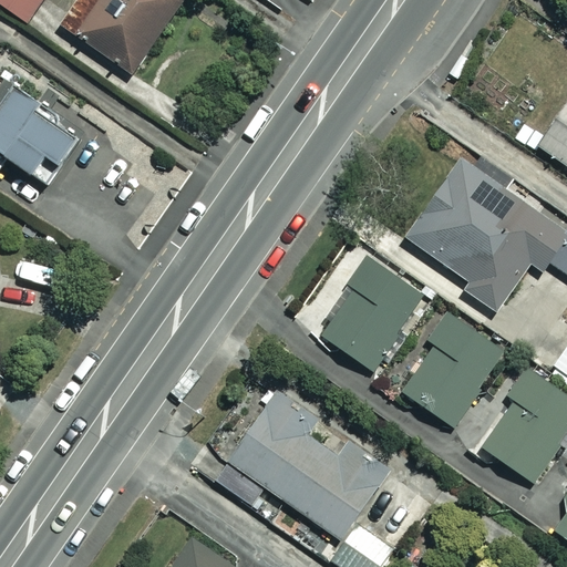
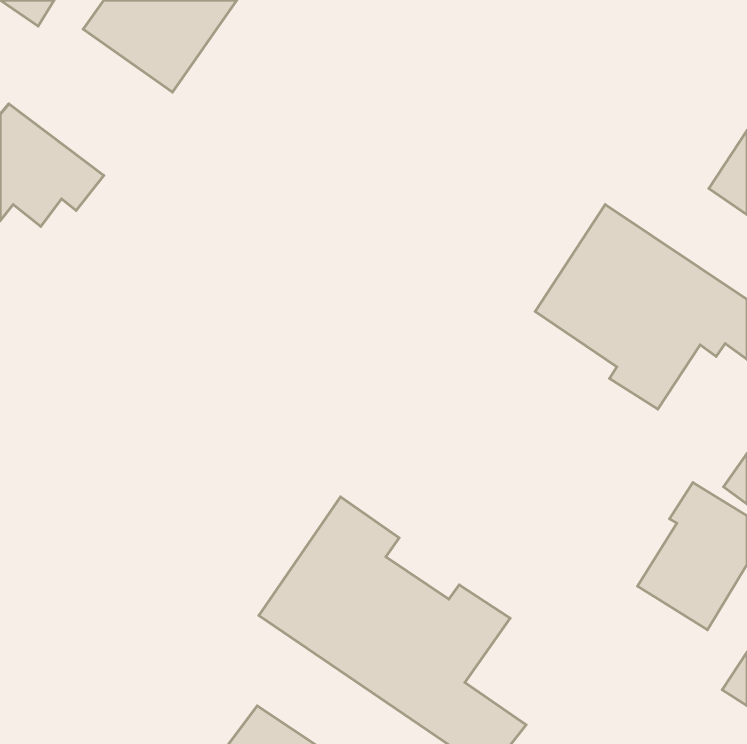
building: [322,256,424,370] -> none
building: [403,311,506,427] -> none

